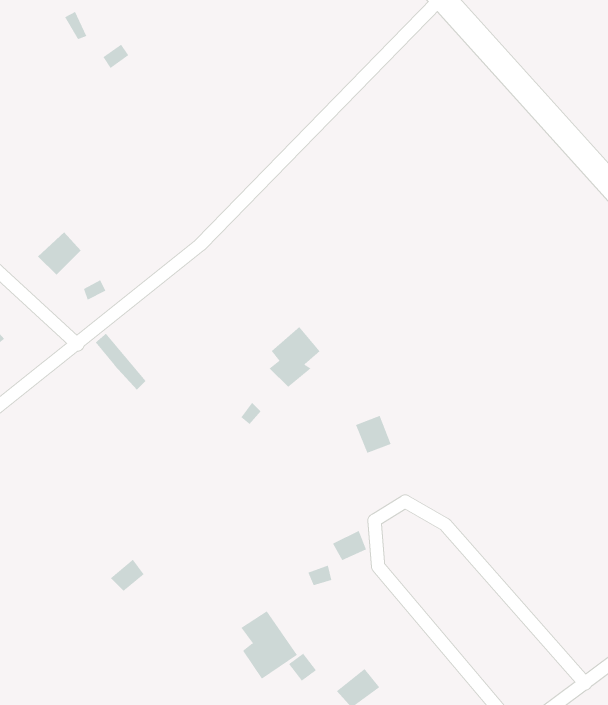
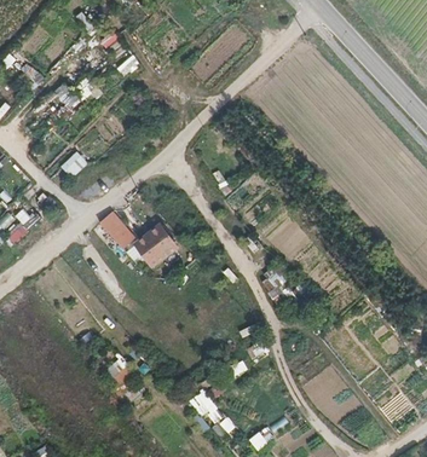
building: [269,326,321,388] -> [140,226,173,265]

